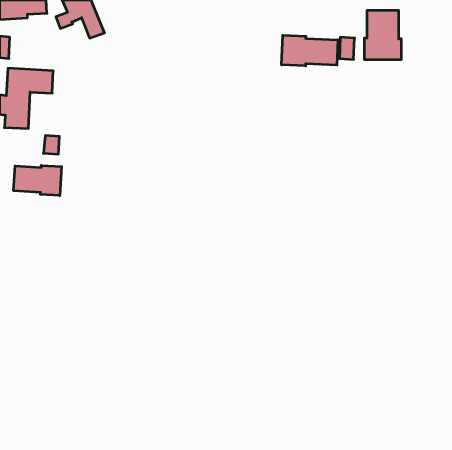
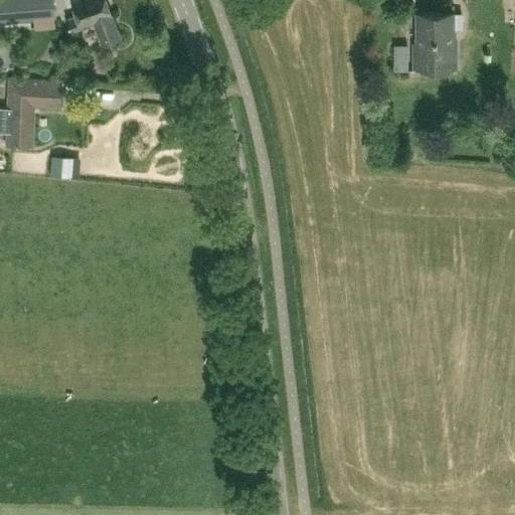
building: [282,35,338,66] -> none
building: [14,165,62,196] -> none

